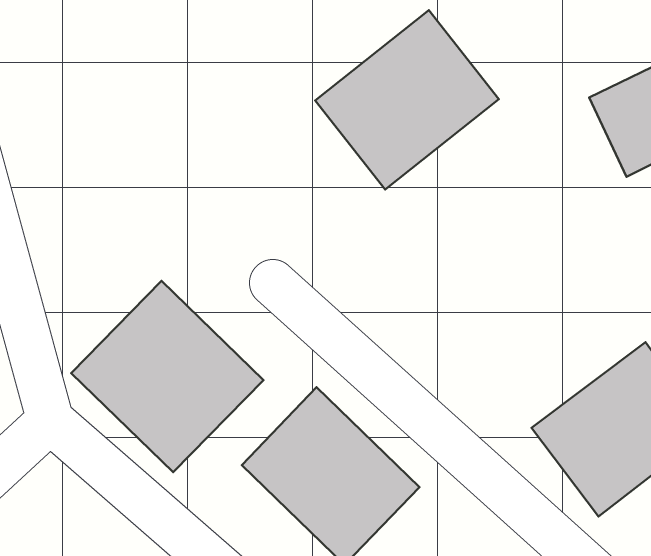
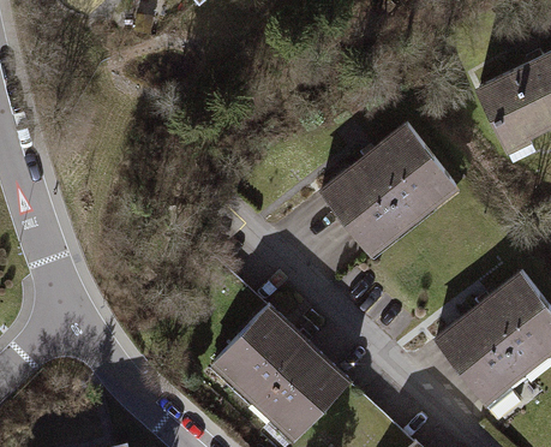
building: [315,10,499,189] -> [317,120,459,258]
building: [71,281,264,472] -> none

